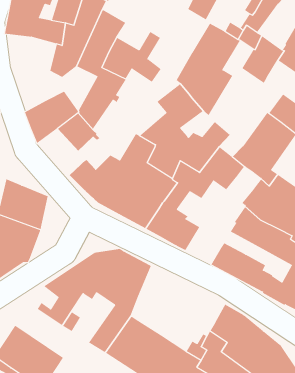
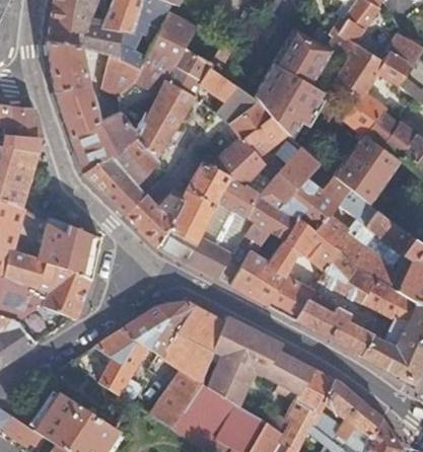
building: none -> [47,43,97,137]
building: none -> [216,85,259,125]
building: none -> [343,95,386,138]
building: none -> [86,157,145,213]
building: none -> [266,214,347,320]
building: none -> [206,315,312,405]

